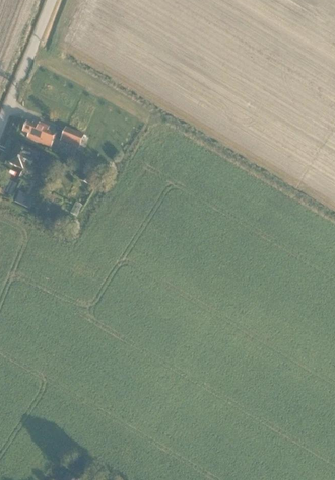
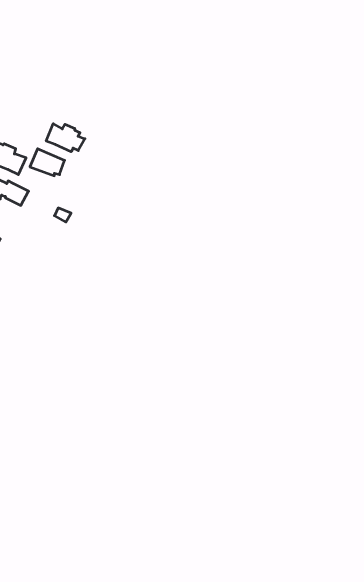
building: none -> [46,124,85,152]

